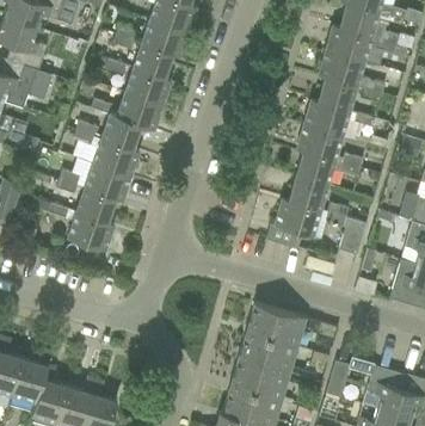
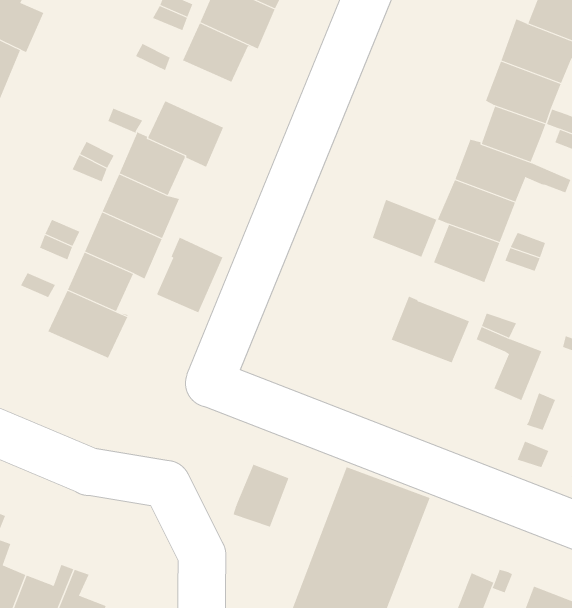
building: [125,67,172,105] -> none
building: none -> [156,237,223,313]
building: [289,175,328,209] -> [370,199,437,258]
building: none -> [233,464,289,527]

